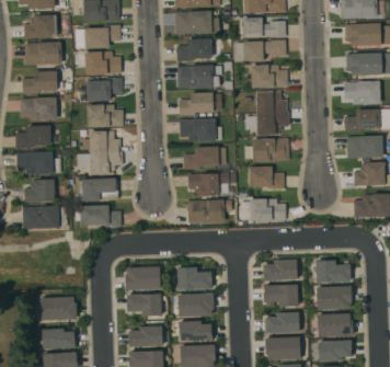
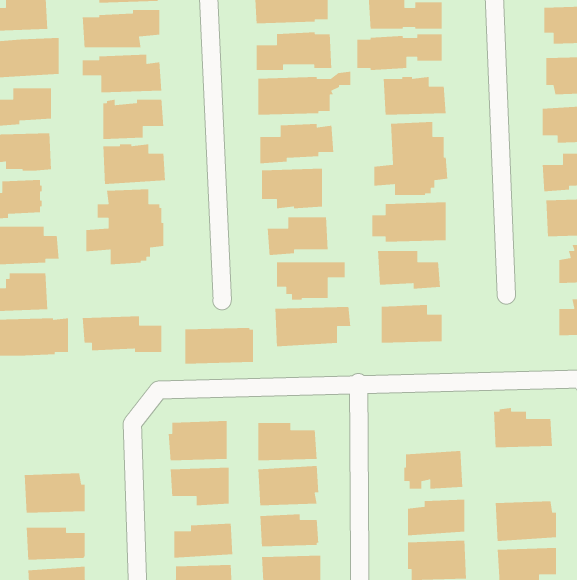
building: [78,179,118,200] -> [185,327,254,364]
building: [263,260,297,280] -> none
building: [316,286,352,310] -> none

